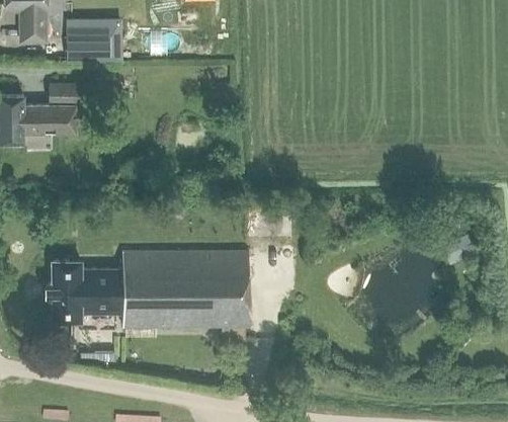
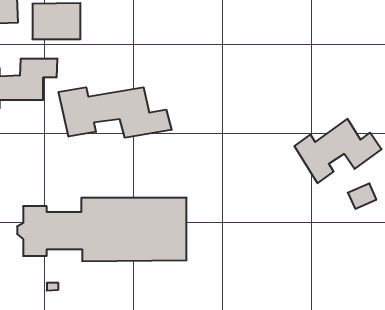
building: none -> [59,87,172,138]
building: none -> [294,119,382,183]

